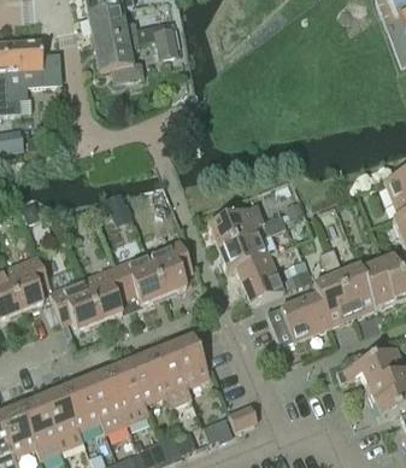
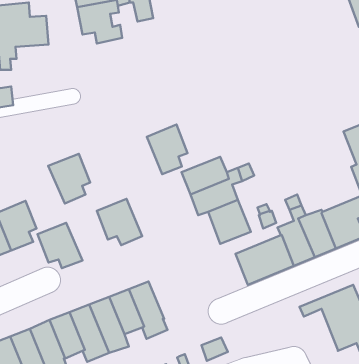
building: [148,239,193,293] -> [147,125,187,174]
building: [82,265,128,320] -> [48,154,90,203]
building: [172,333,211,384] -> none

